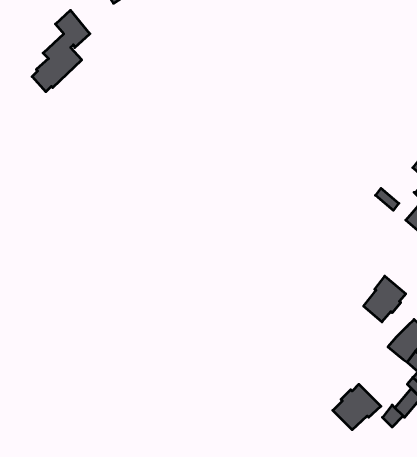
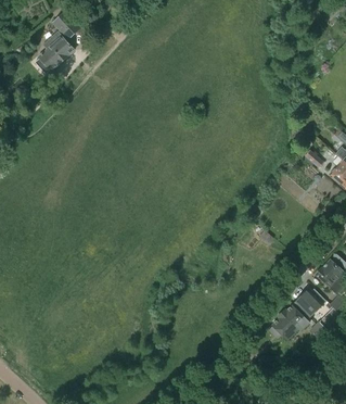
building: [364,276,406,322] -> none
building: none -> [294,289,323,317]

